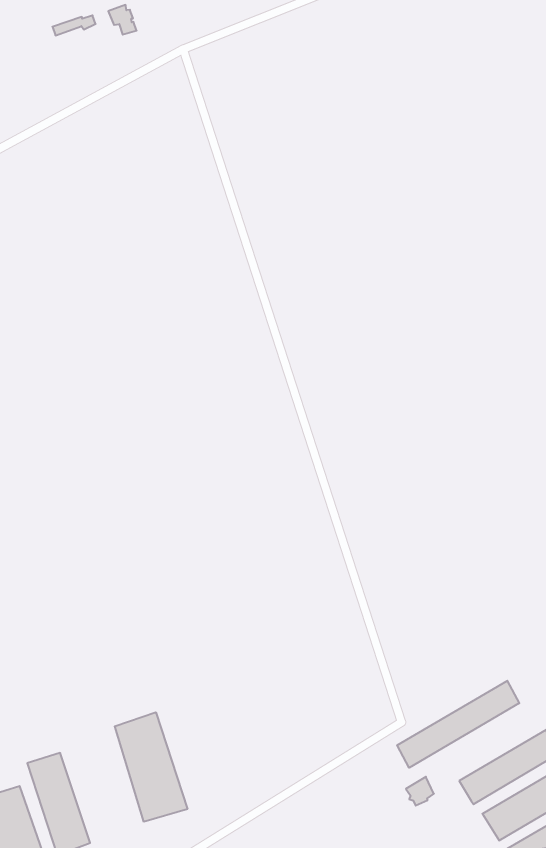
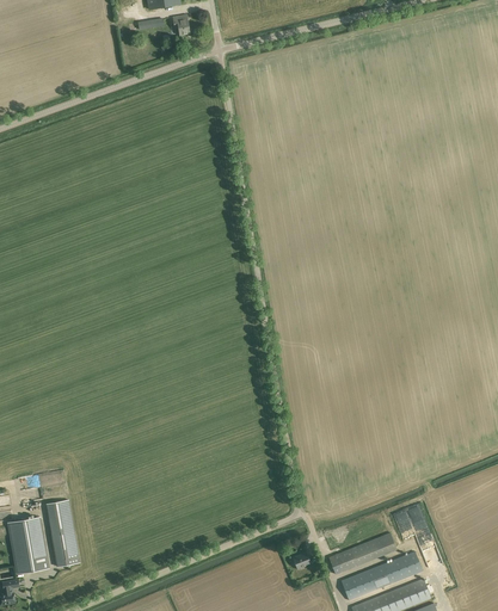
building: [397,681,519,768] -> none
building: [115,712,187,822] -> none

